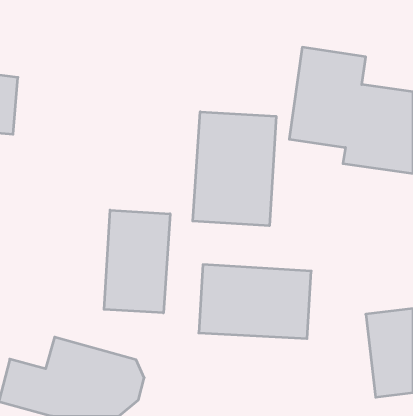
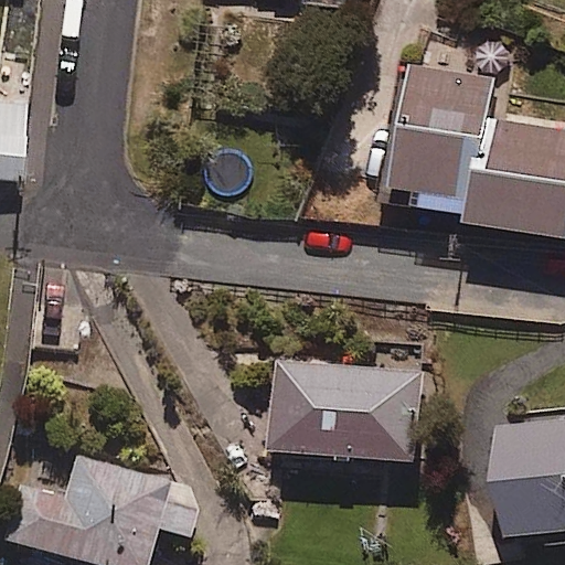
building: [193,112,276,226] -> none
building: [104,210,170,313] -> none

